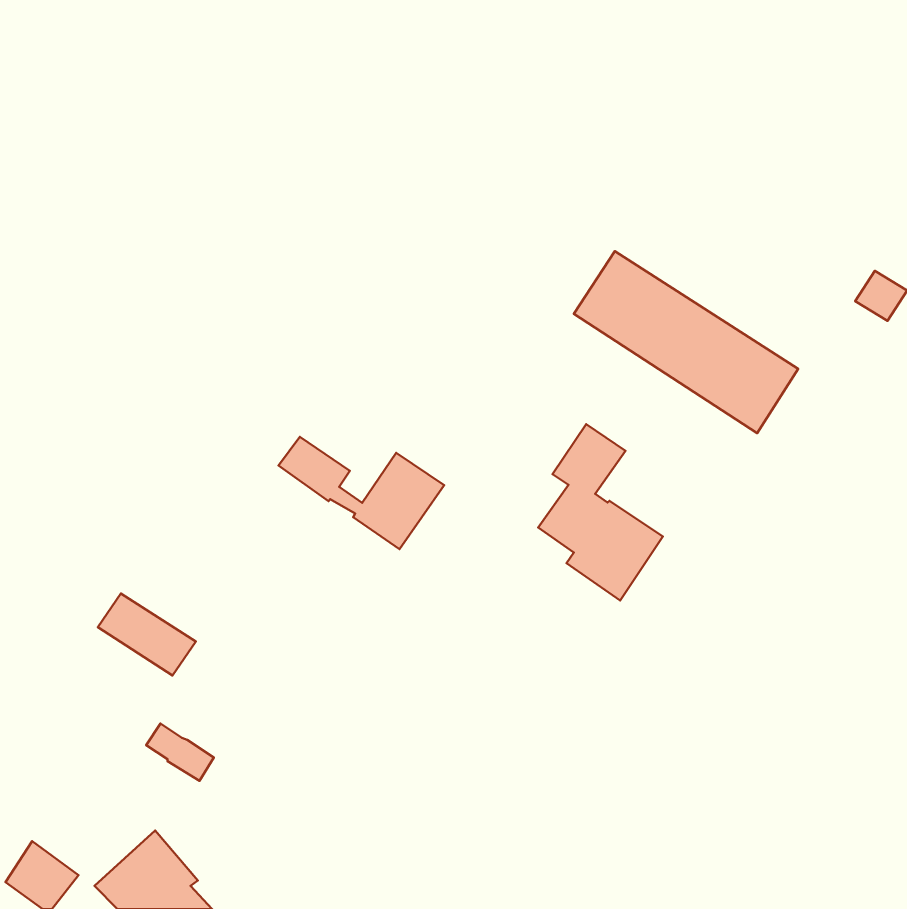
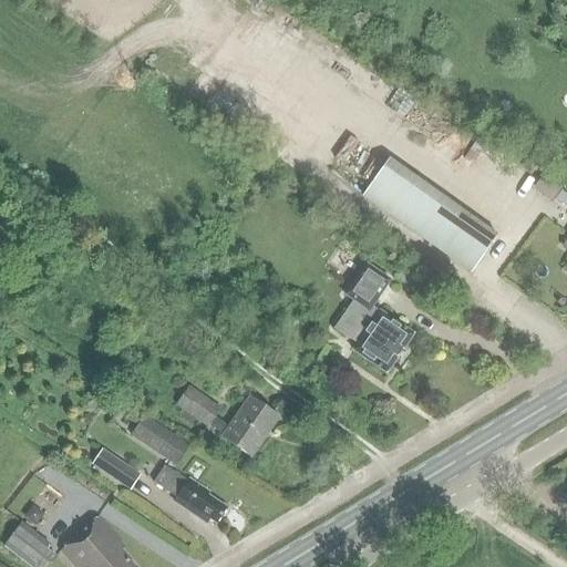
building: [278,437,444,549] -> [177,386,280,456]
building: [98,593,196,675] -> [131,412,192,463]
building: none -> [155,465,227,523]

